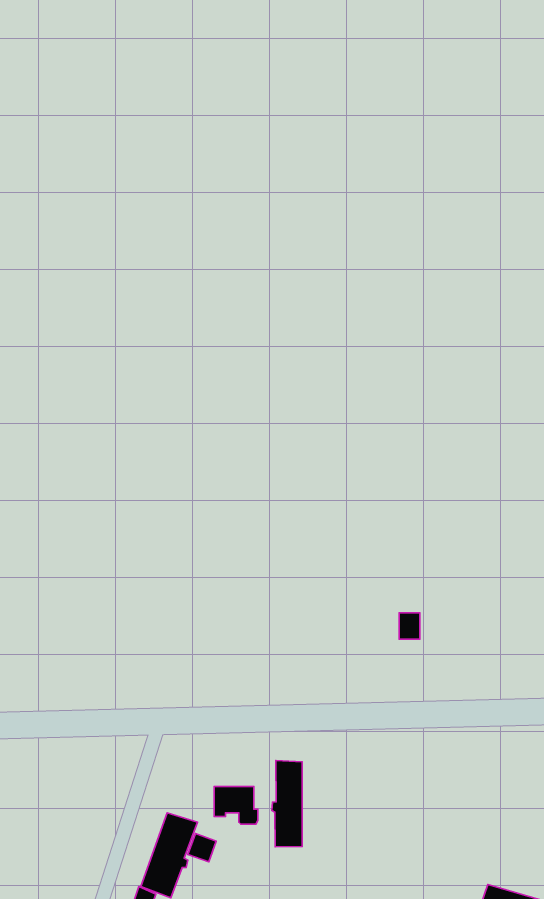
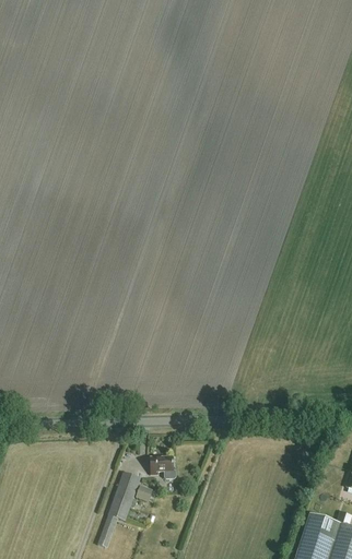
building: [272,760,302,847] -> none

